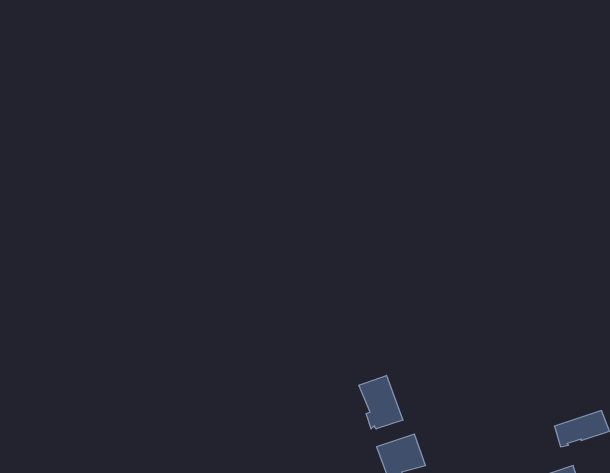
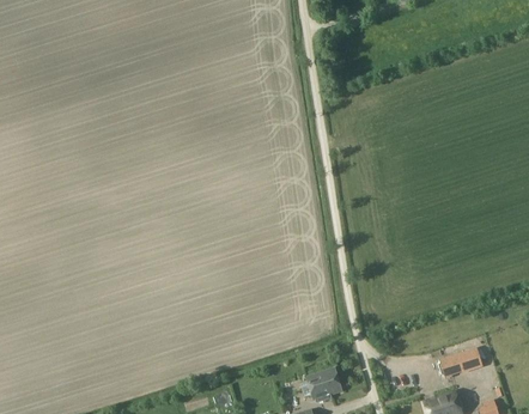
building: [359,375,403,429] -> none

